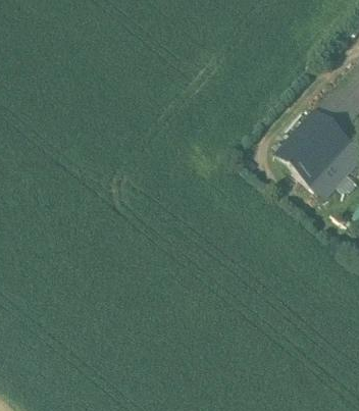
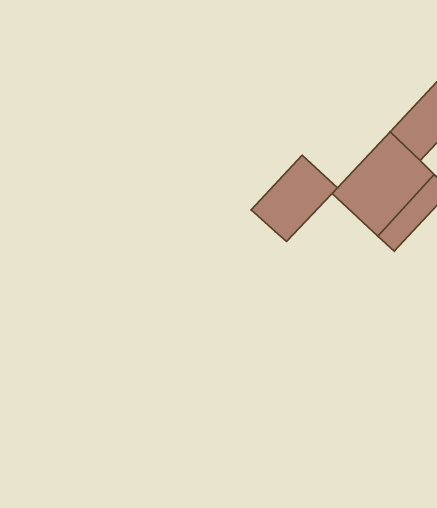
building: none -> [251,155,338,241]

